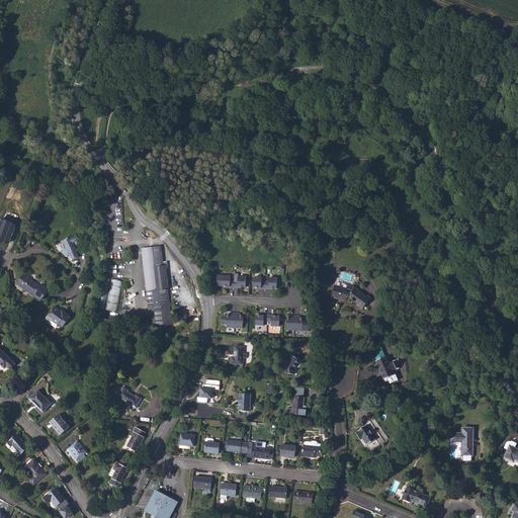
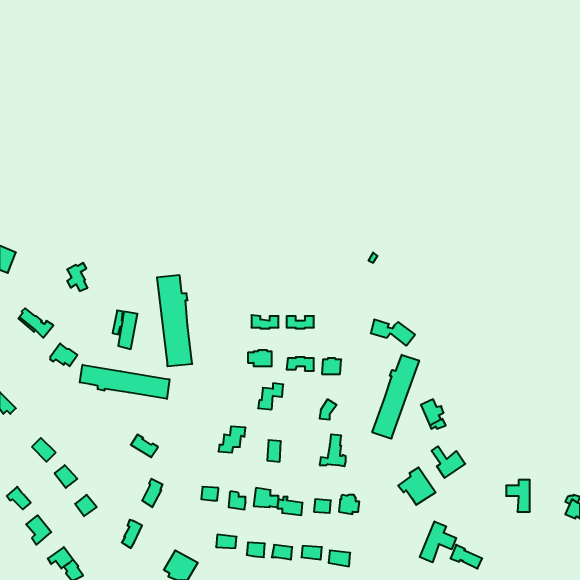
building: none -> [372,355,419,439]
building: none -> [80,365,170,399]
building: none -> [432,446,465,478]
building: none -> [420,521,456,562]

